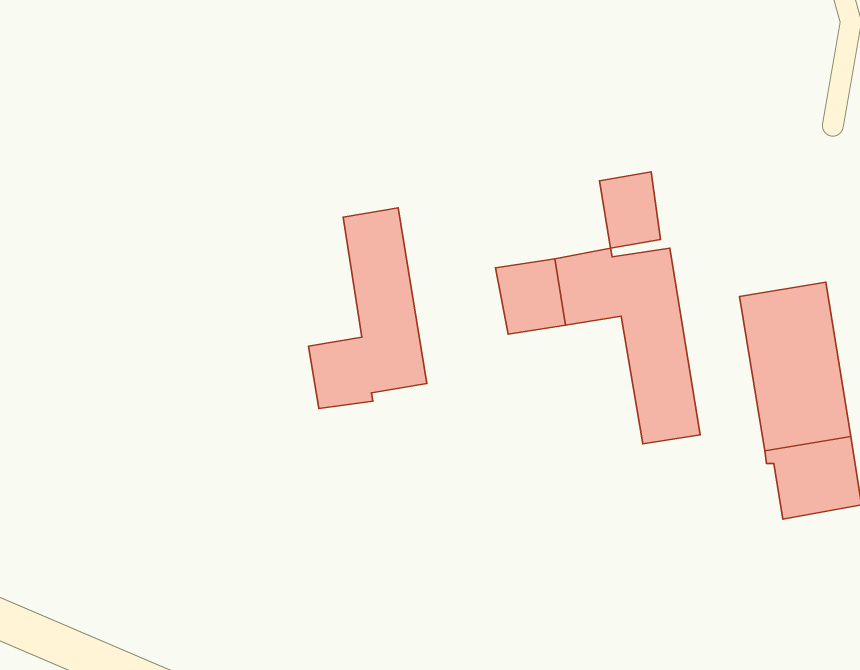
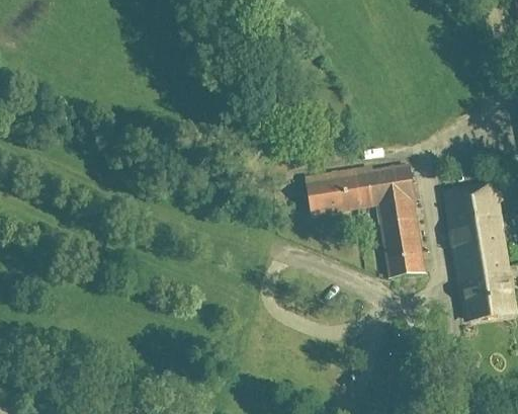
building: [599,172,661,248] -> none
building: [309,208,427,408] -> none

